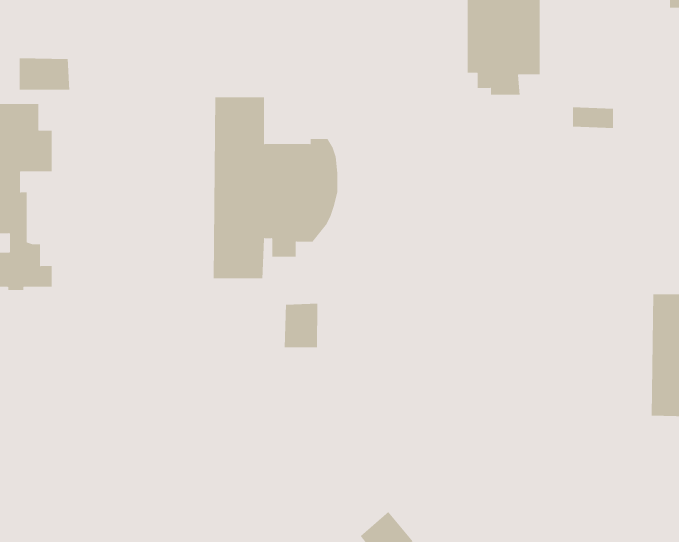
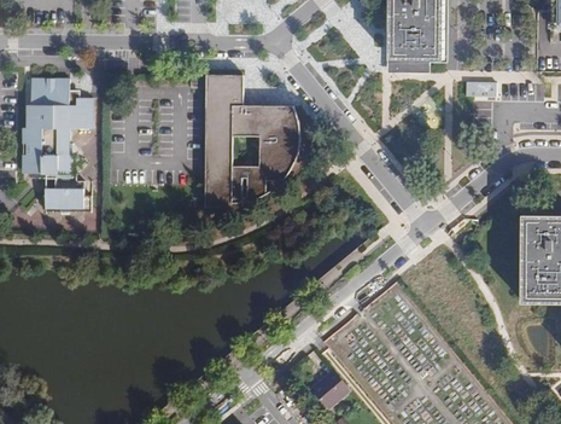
building: [19,57,70,90] -> none
building: [284,303,318,348] -> none

